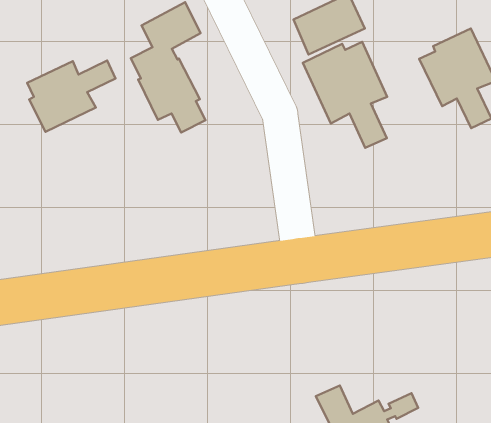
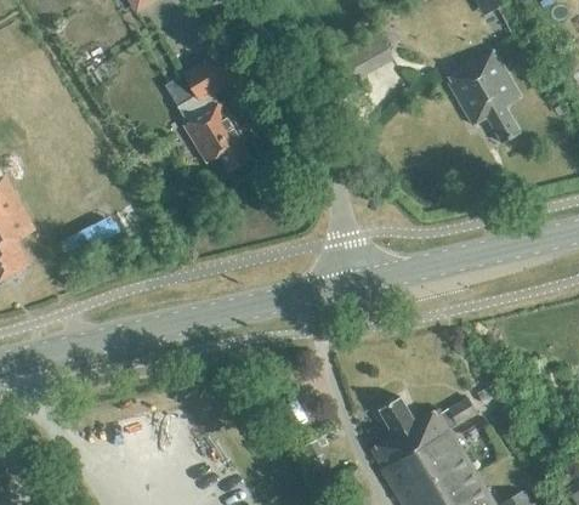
building: [303,42,387,148] -> none
building: [27,61,116,132] -> none

